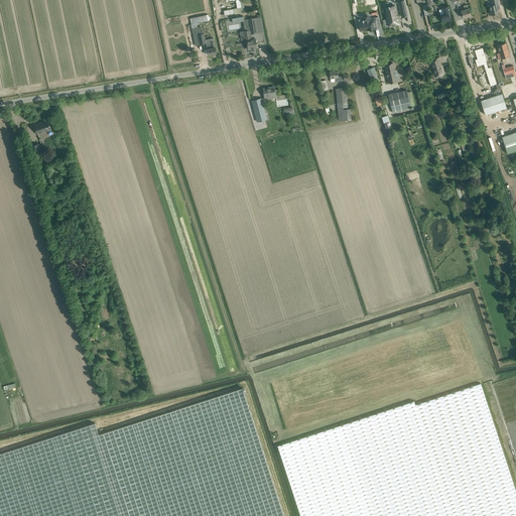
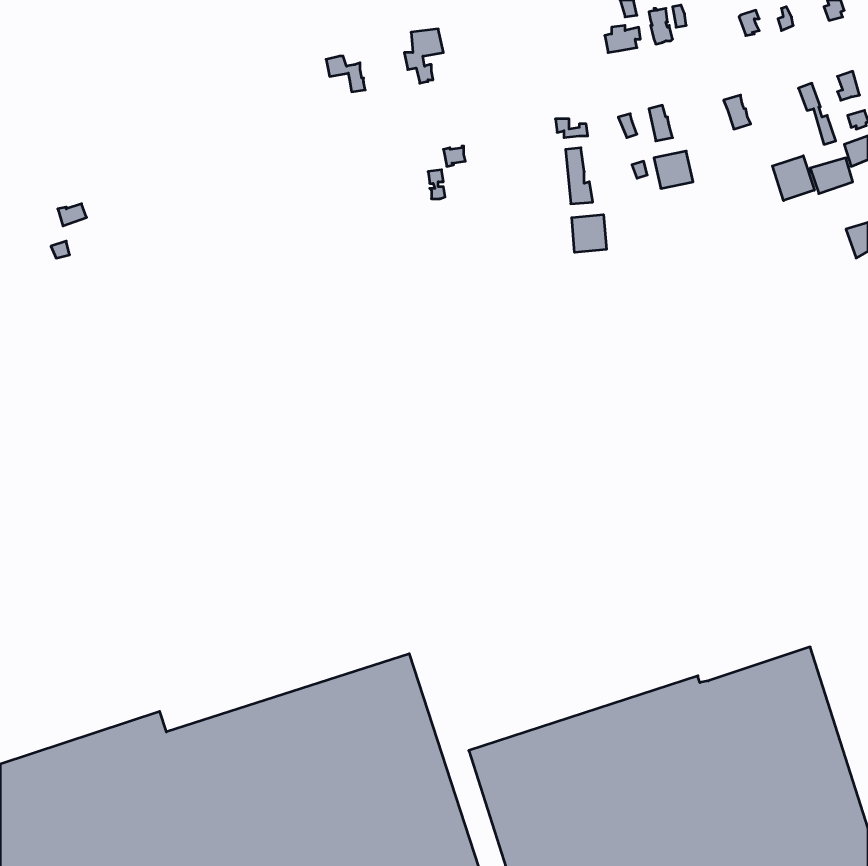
building: none -> [772,156,814,201]
building: none -> [572,215,606,252]

